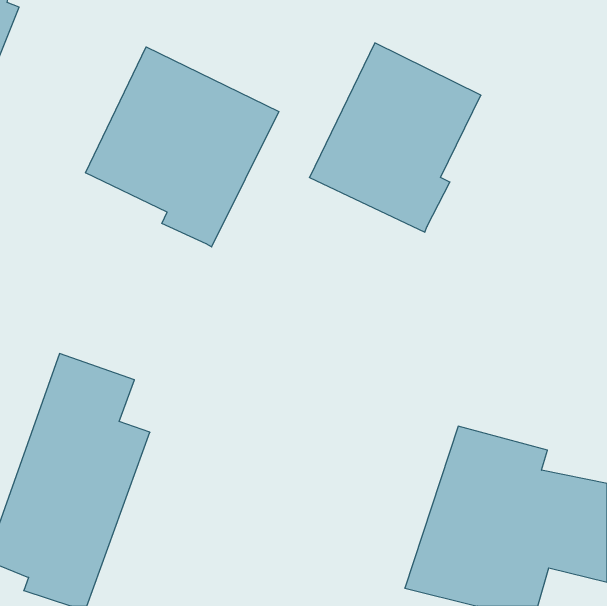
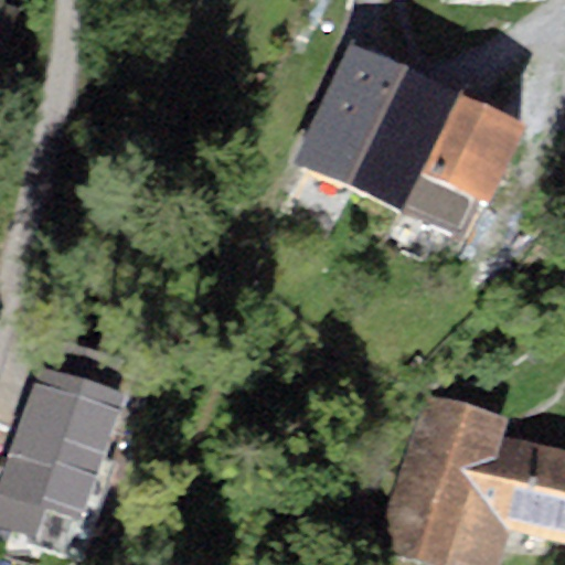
building: [86,47,279,247] -> none
building: none -> [396,88,525,227]

